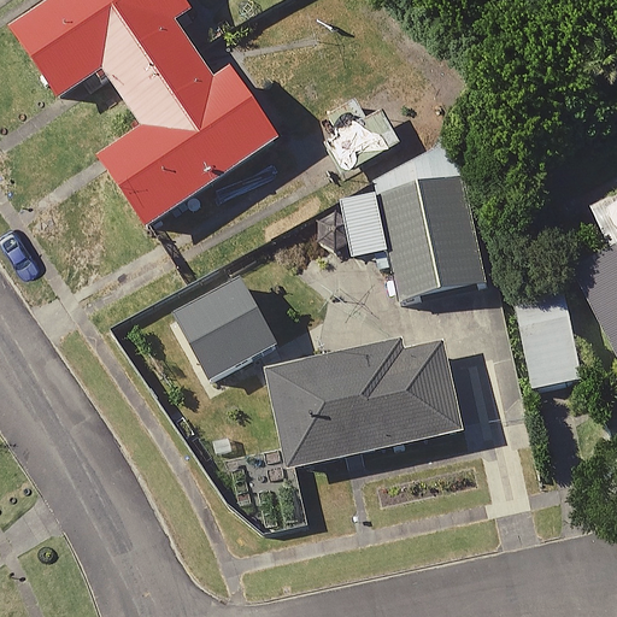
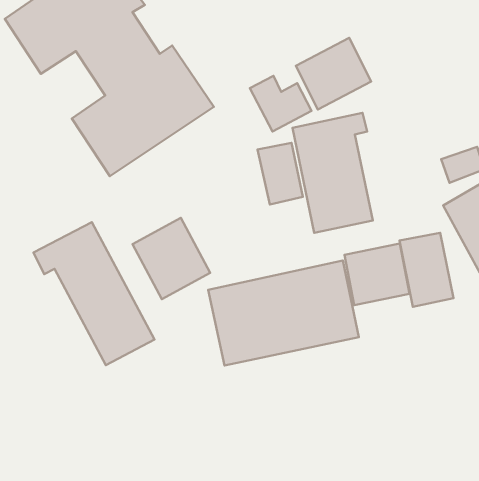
building: none -> [296,38,371,109]
building: none -> [33,222,154,365]
building: none -> [344,243,410,305]

